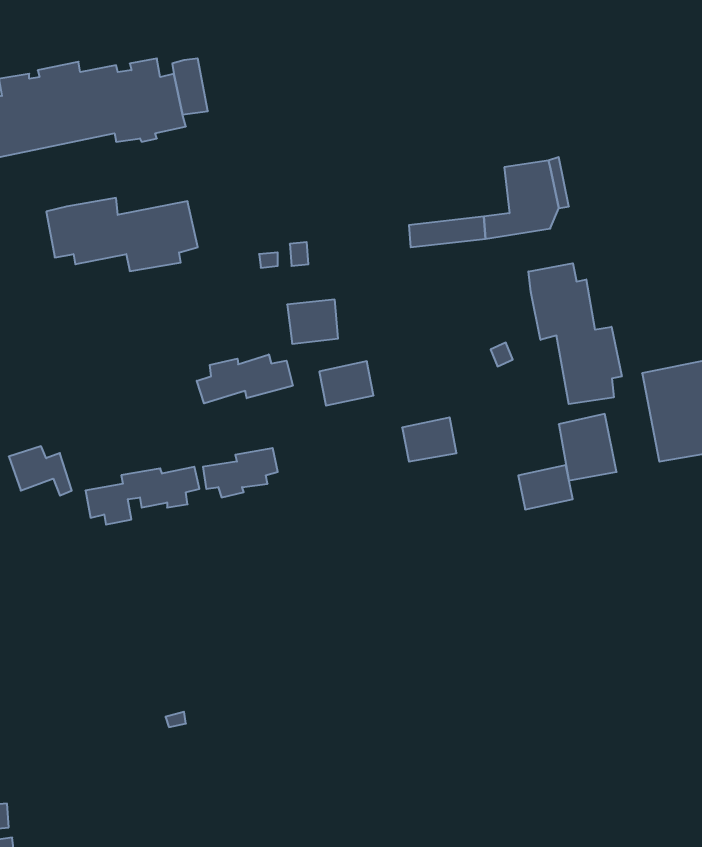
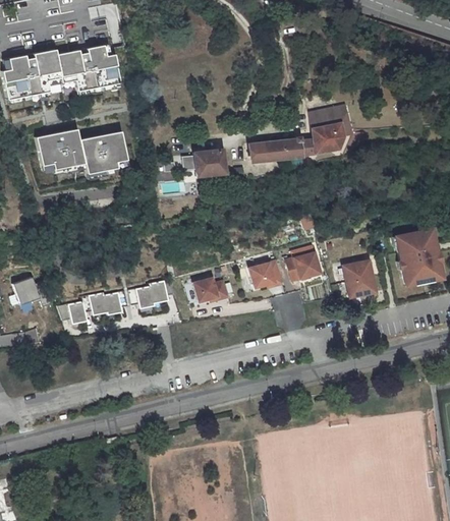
building: [528,263,622,404] -> none
building: [287,300,338,344] -> [193,149,224,175]
building: [197,354,293,403] -> none
building: [319,361,374,406] -> [193,276,226,302]
building: [518,465,573,509] -> [288,253,321,280]

